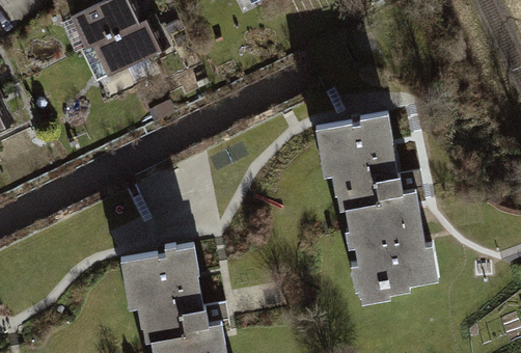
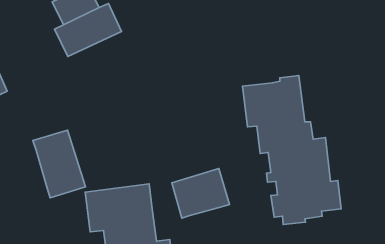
building: none -> [33,130,85,198]
building: none -> [172,169,229,218]

